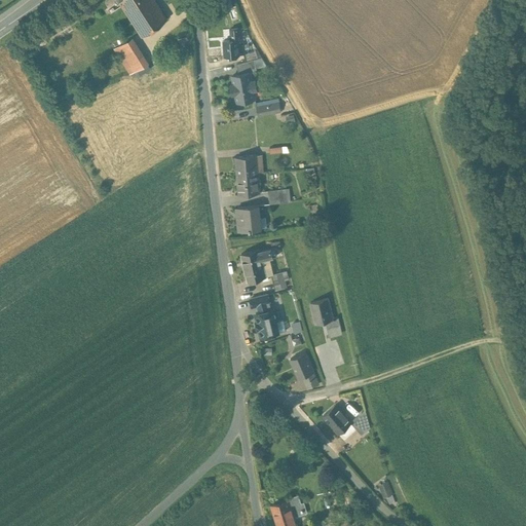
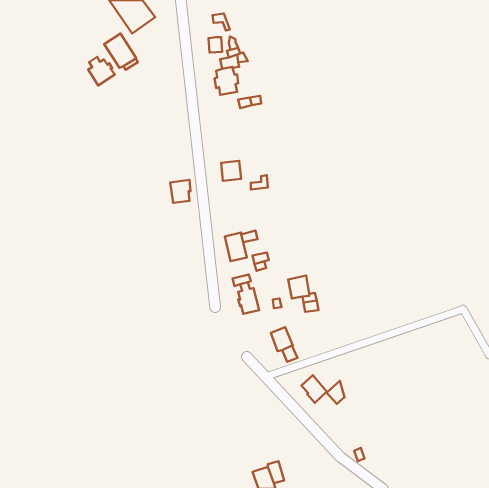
building: none -> [88,57,115,85]
building: [235,155,258,176] -> none
building: [237,206,259,231] -> [170,180,190,203]

